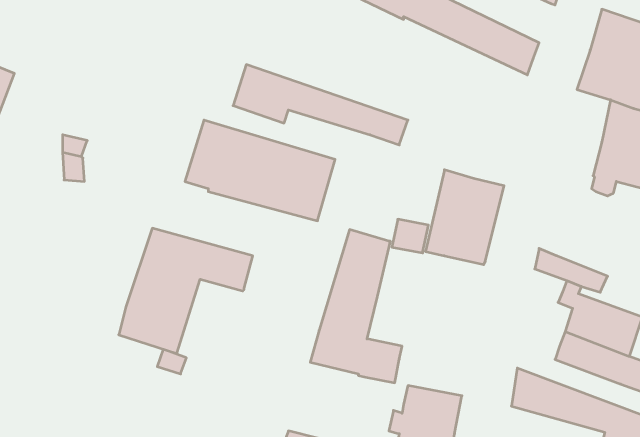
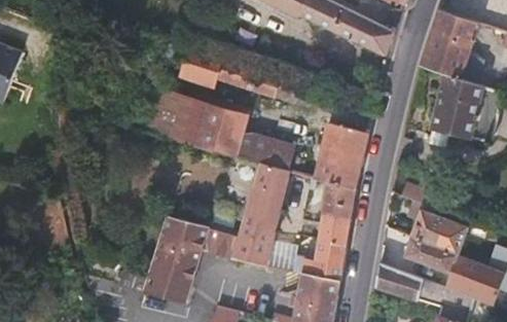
building: none -> [244,132,295,172]
building: [119,228,253,354] -> [144,215,239,303]
building: none -> [292,182,355,281]

